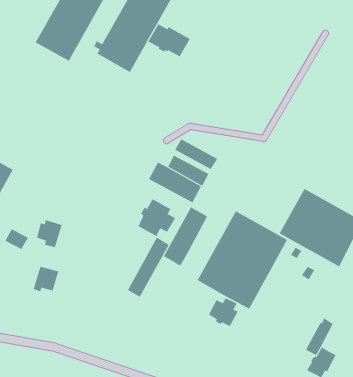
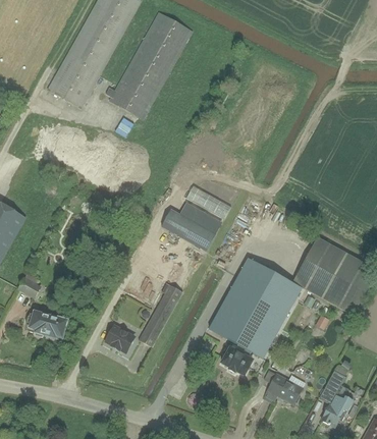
building: [147,24,191,57] -> none
building: [138,199,176,237] -> none
building: [163,206,208,266] -> none
building: [36,220,62,248] -> [25,309,52,337]
building: none -> [104,324,136,353]
building: none -> [263,374,302,404]

